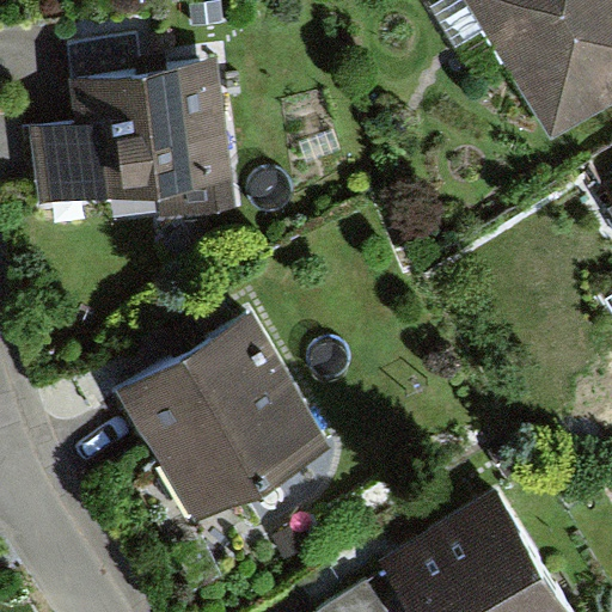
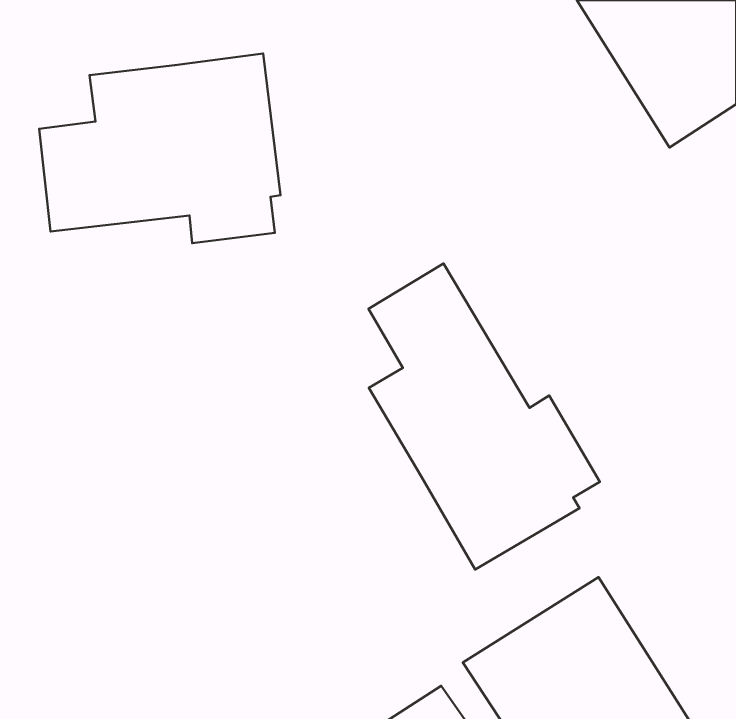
building: none -> [369,263,600,570]
building: [120,314,324,516] -> none

